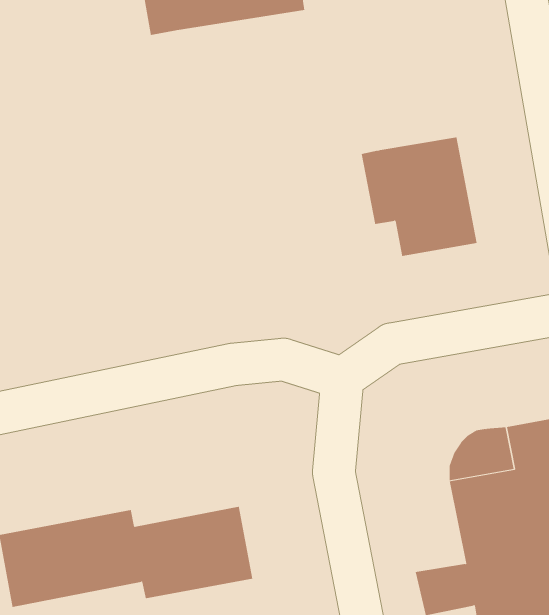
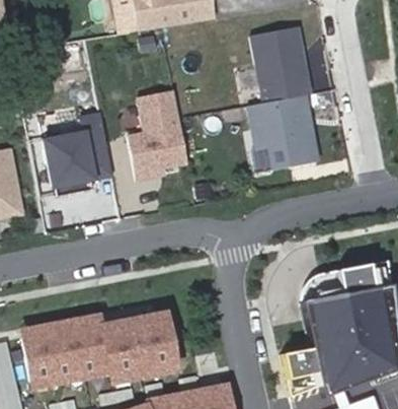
building: none -> [246,25,306,101]
building: none -> [129,89,188,179]
building: none -> [45,113,112,193]

